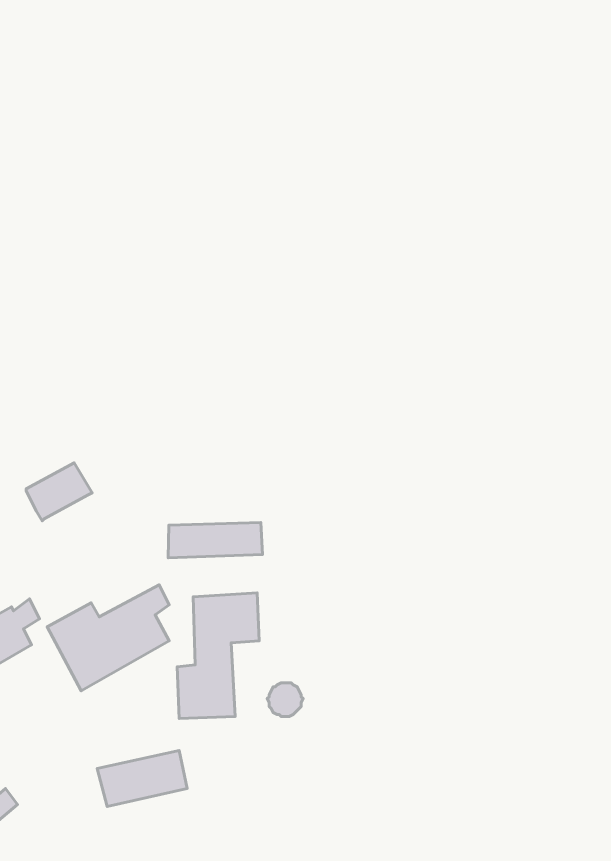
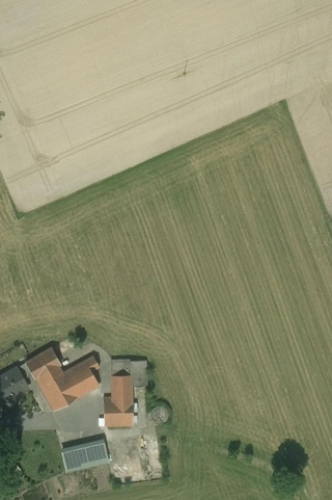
building: [26,463,92,521] -> [26,348,60,378]
building: [168,522,262,558] -> none

